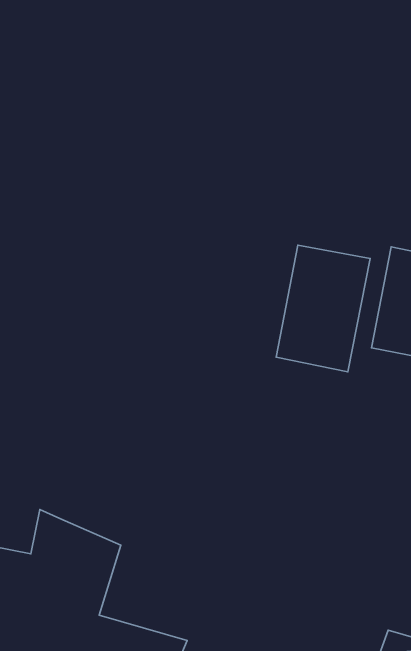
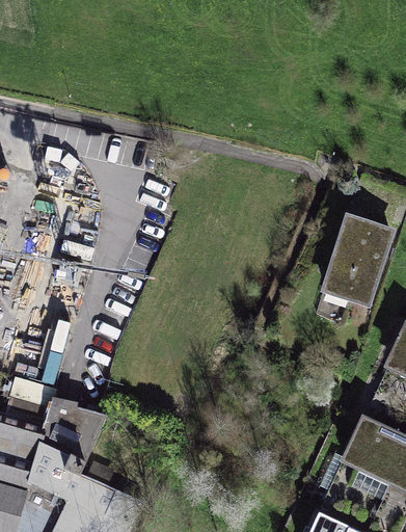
building: [276,245,370,372] -> none

